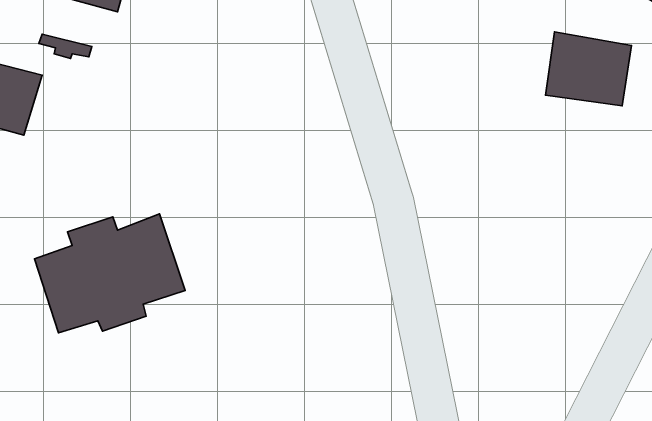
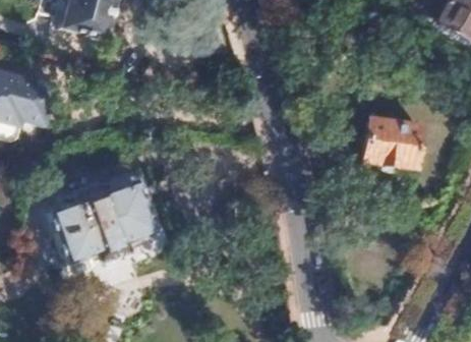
building: [545,32,631,106] -> [364,116,422,166]

